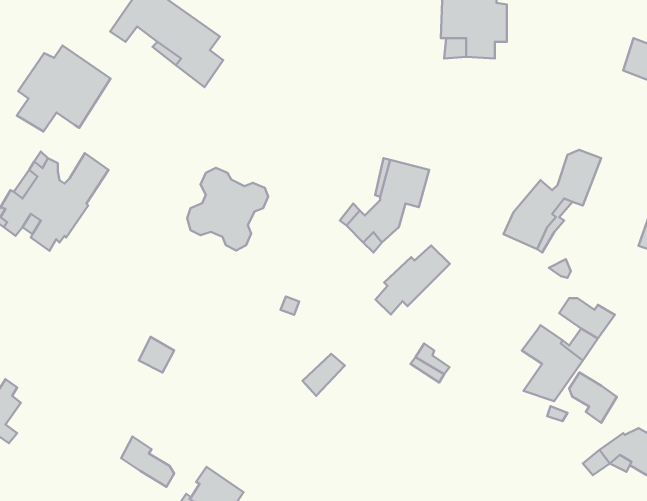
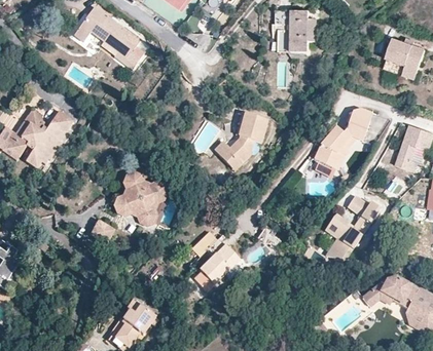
building: [17,46,111,131] -> none
building: [187,168,268,250] -> [116,173,166,224]
building: [376,245,450,315] -> [194,246,240,288]
building: [569,373,617,423] -> none
building: [121,437,174,487] -> none

